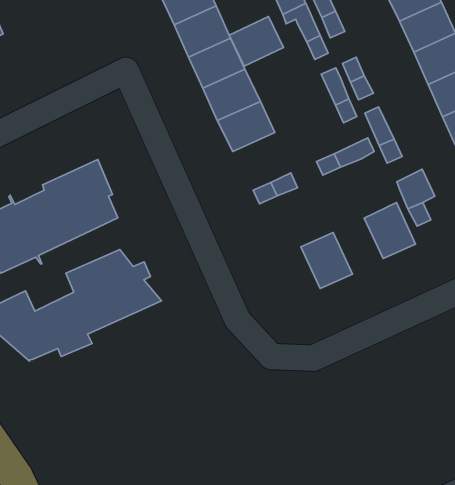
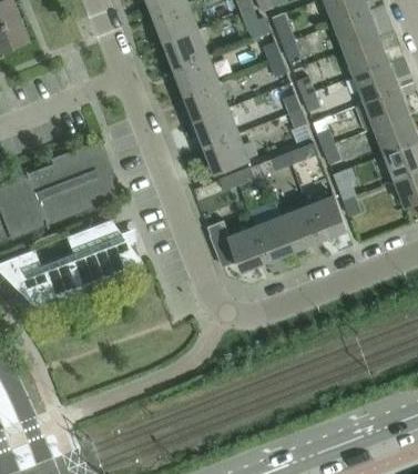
building: [229,17,284,66] -> none
building: none -> [205,133,249,173]
building: none -> [282,206,320,251]
building: none -> [207,220,268,271]

